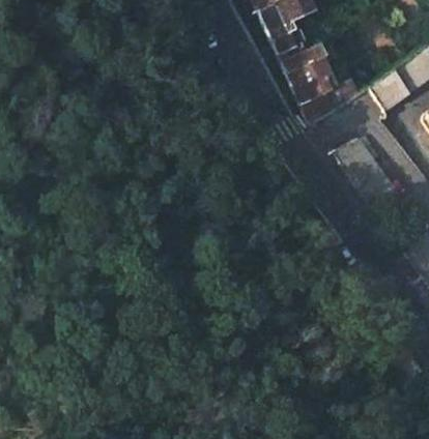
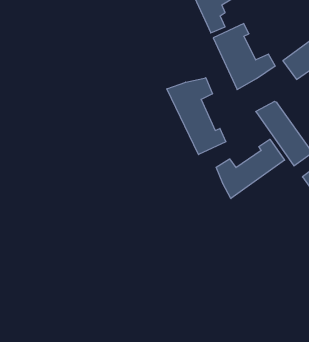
building: none -> [167,78,226,155]
building: none -> [216,139,285,199]

